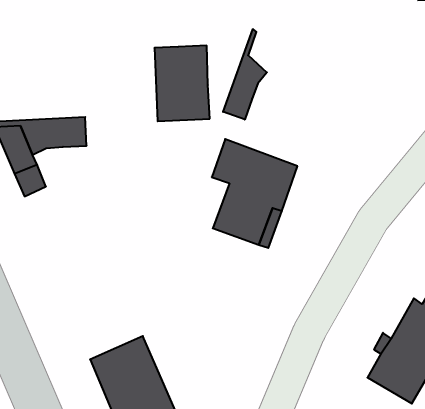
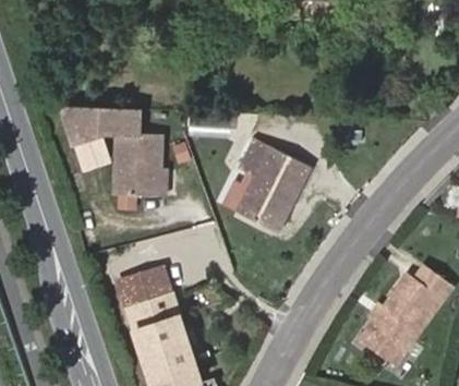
building: [223,29,267,120] -> none
building: [154,46,210,121] -> [114,131,161,194]
building: none -> [113,267,169,310]

